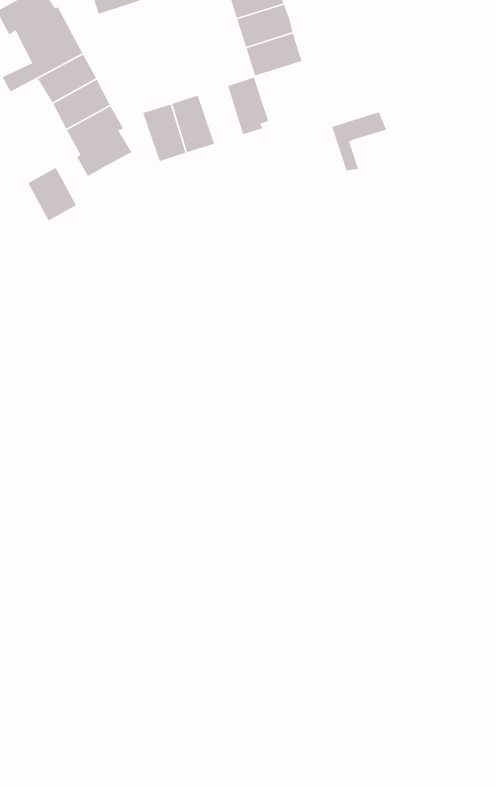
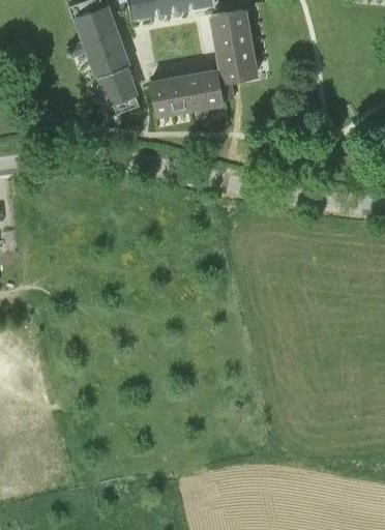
building: none -> [185,72,209,108]
building: [331,111,387,171] -> [221,64,256,98]
building: [27,167,77,221] -> none

